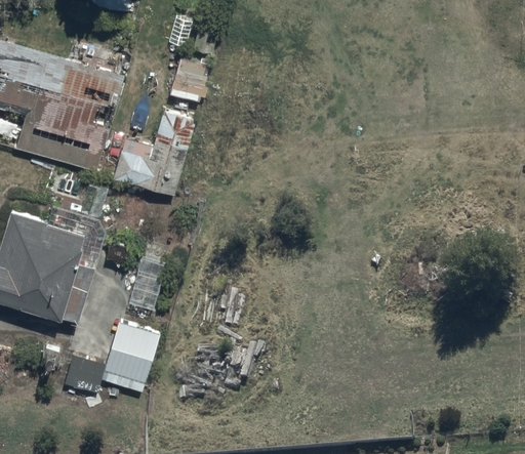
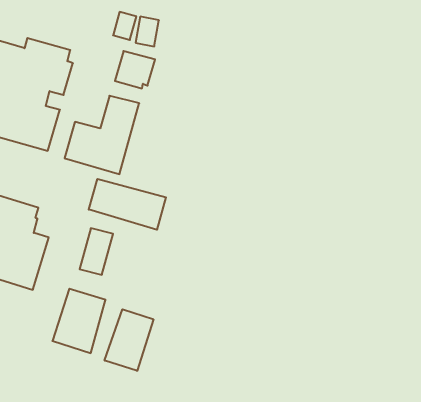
building: none -> [89,179,166,230]
building: none -> [105,309,153,371]

